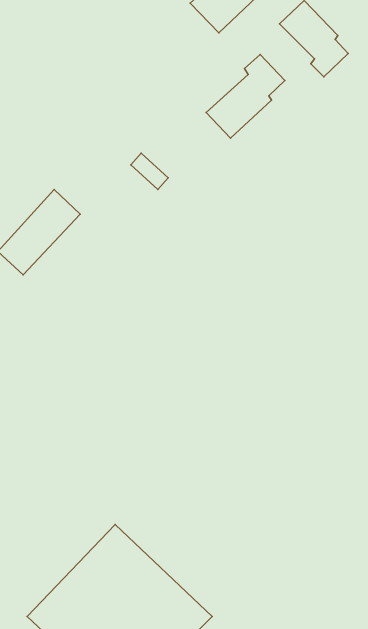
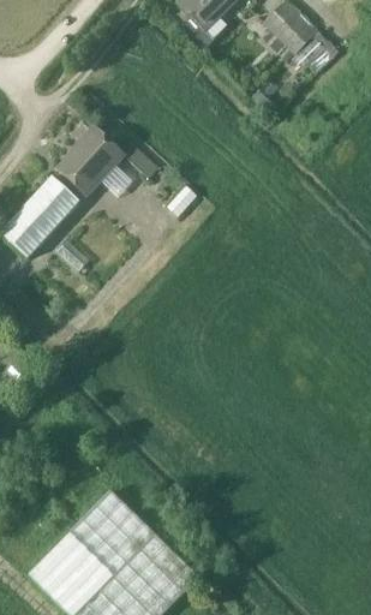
building: [206,55,285,138] -> none
building: none -> [58,130,132,191]

